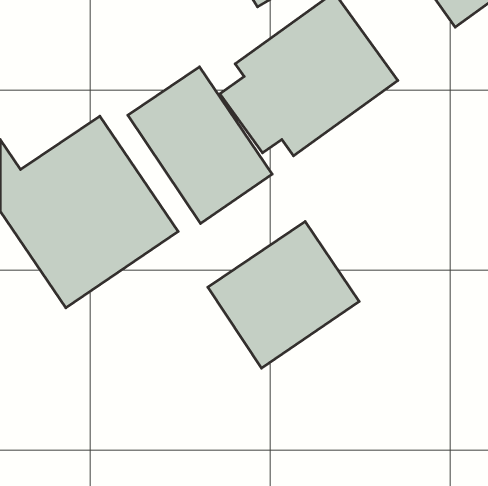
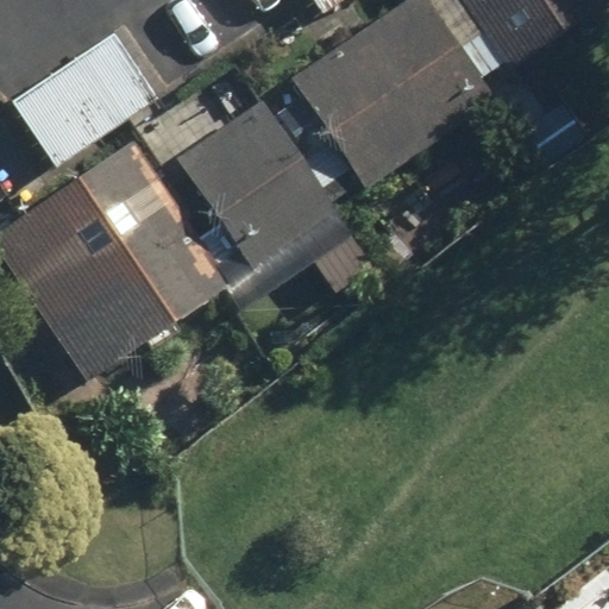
building: none -> [13,31,161,167]
building: [208,221,359,368] -> none

